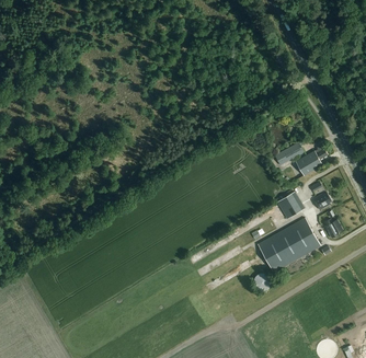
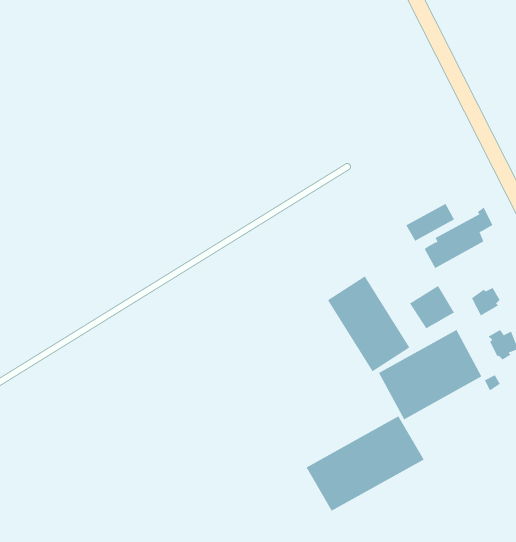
building: none -> [327,276,410,372]
building: none -> [306,415,424,512]

